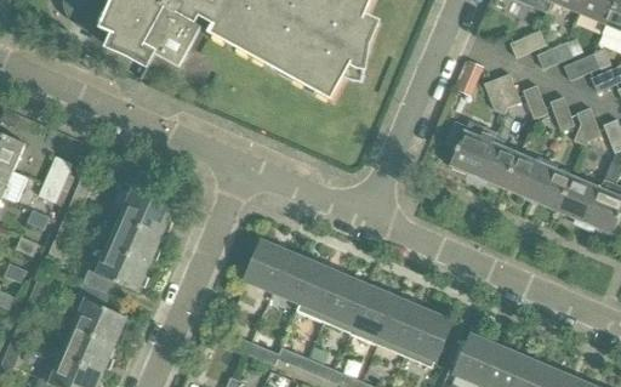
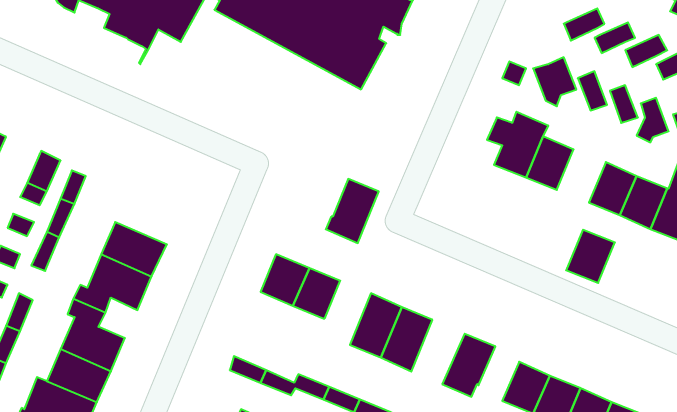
building: [503,152,546,198] -> [566,230,615,283]
building: [120,187,177,234] -> none
building: [296,266,342,321] -> [326,179,379,243]
building: [377,300,423,355] -> none

